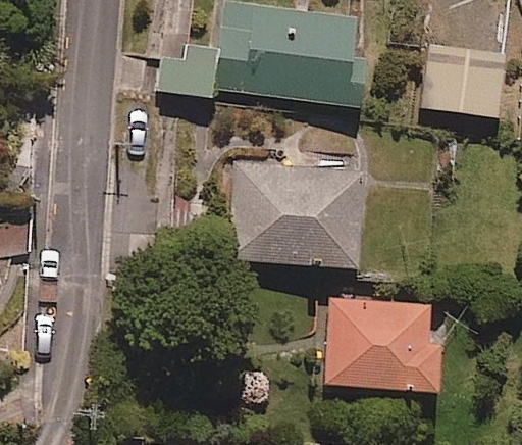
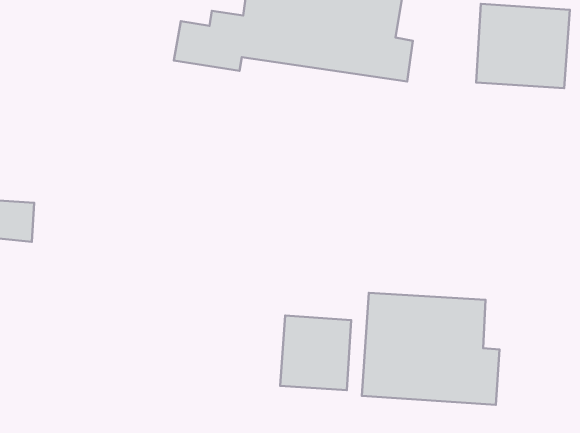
building: [227,156,365,266] -> none
building: none -> [280,316,351,390]

